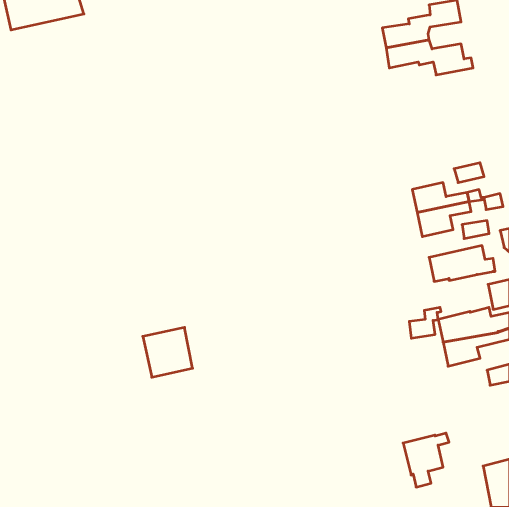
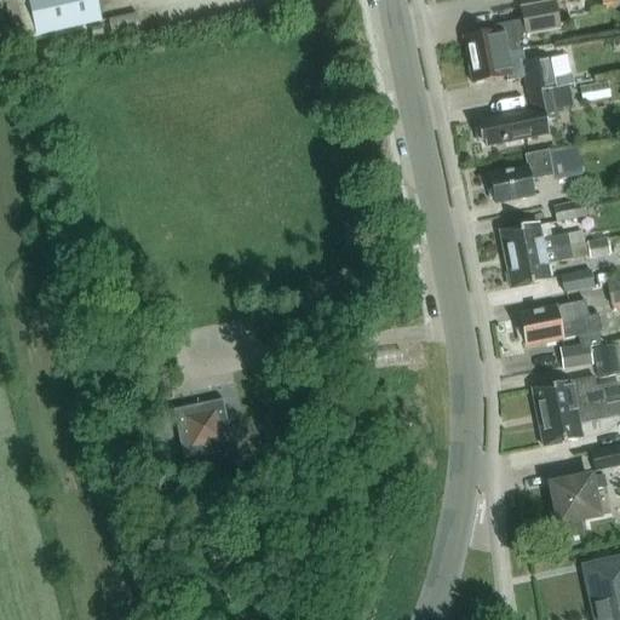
building: none -> [481,85,573,144]
building: none -> [490,145,582,203]
building: [409,307,441,338] -> [562,329,601,367]
building: [403,433,449,487] -> [552,471,608,536]

